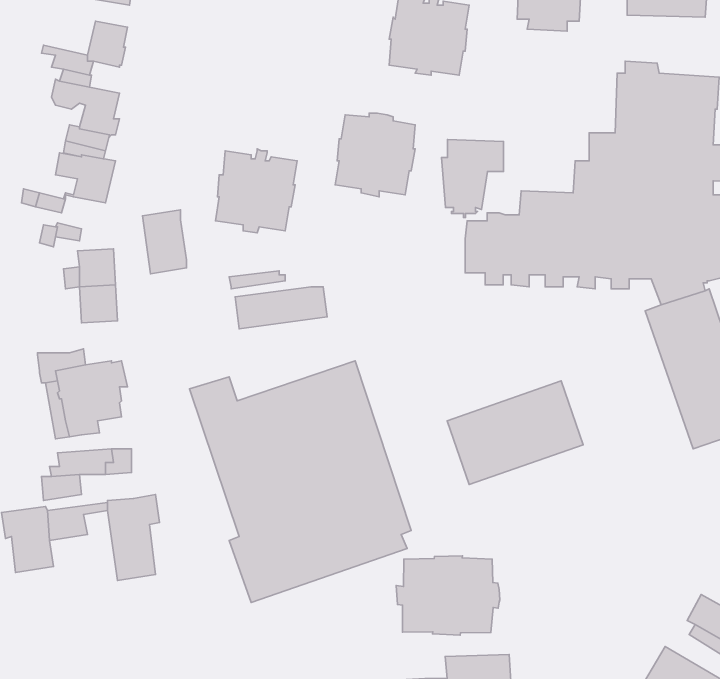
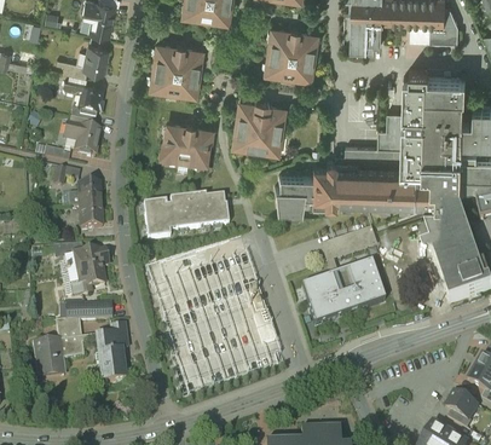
building: none -> [152,41,201,91]
building: [441,139,503,217] -> [276,173,313,220]
building: [143,210,187,274] -> [144,198,171,237]
building: [396,556,500,635] -> none

